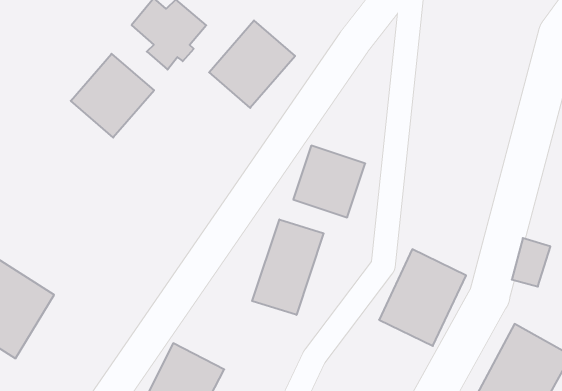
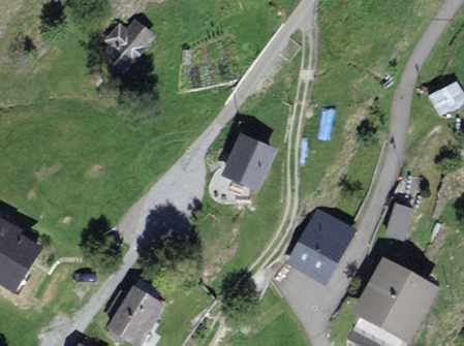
building: [209,20,295,108] -> none
building: [71,54,154,138] -> none
building: [252,219,324,315] -> none

